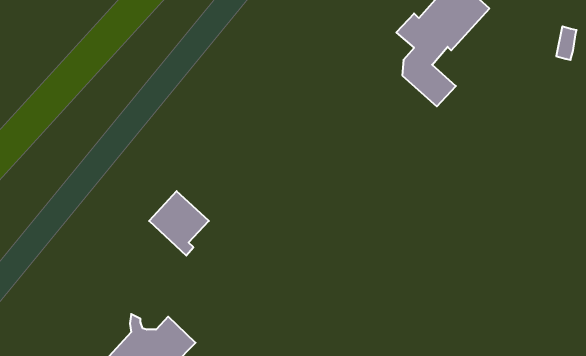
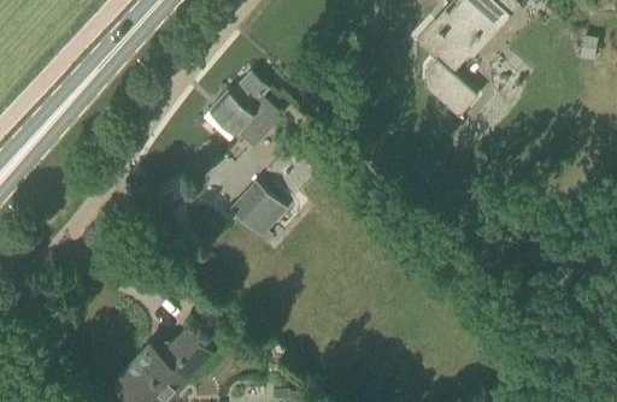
building: none -> [207,73,281,148]
building: [149,191,209,256] -> [225,179,286,244]

